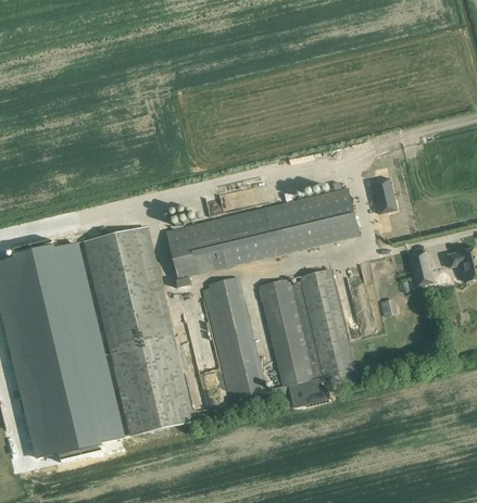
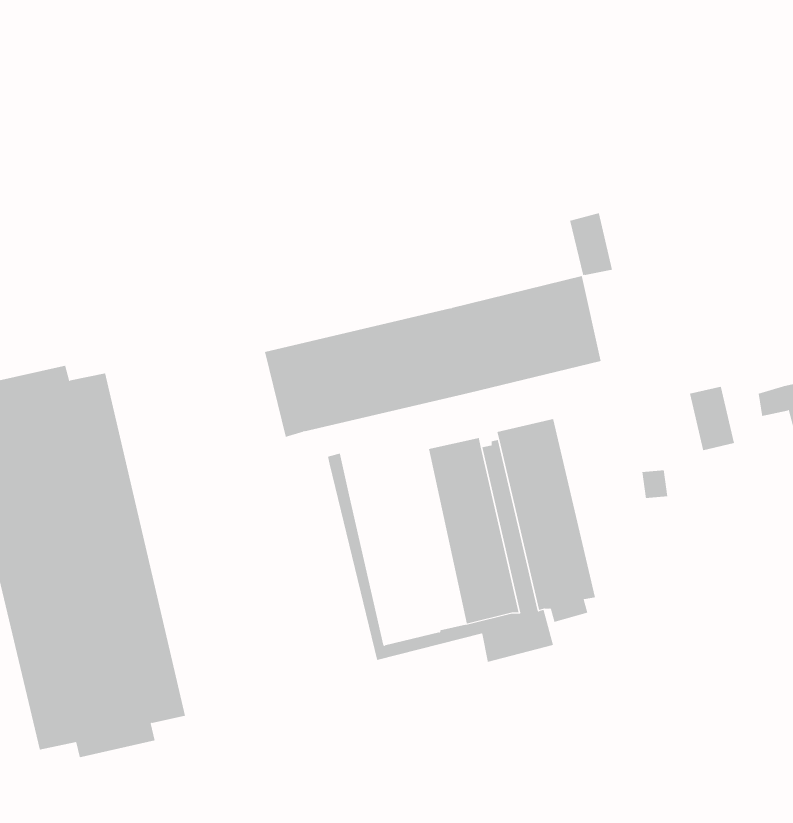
building: [372,177,397,213] -> [569,213,613,275]
building: [84,227,192,436] -> none
building: [206,276,265,398] -> none

